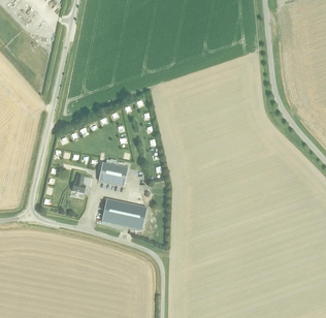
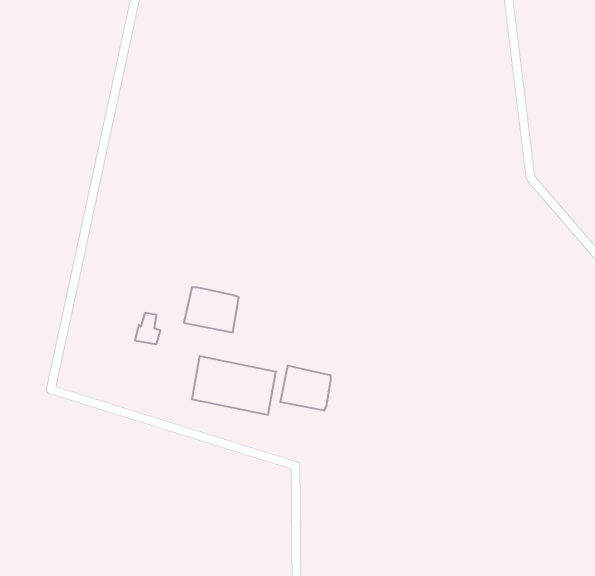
building: none -> [280,365,331,411]

